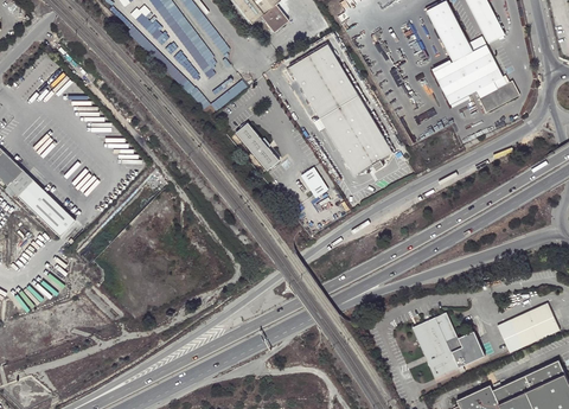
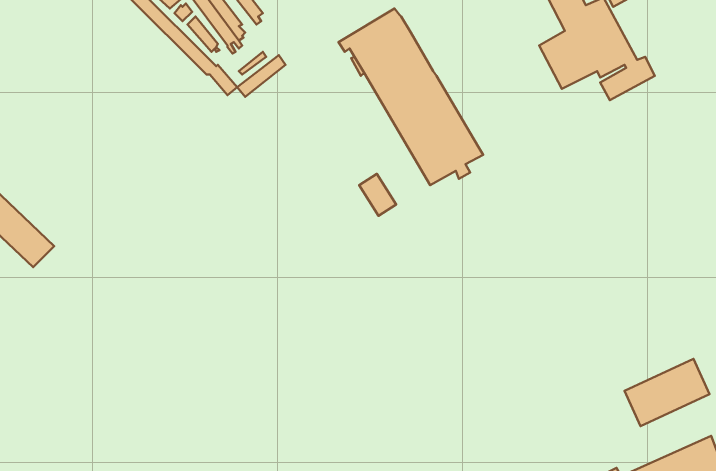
building: [237,120,280,167] -> none
building: [413,313,484,378] -> none

